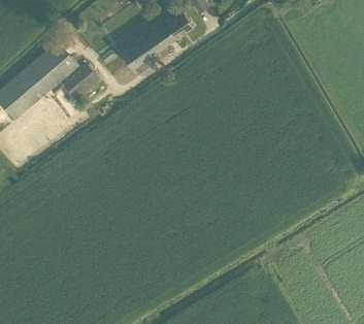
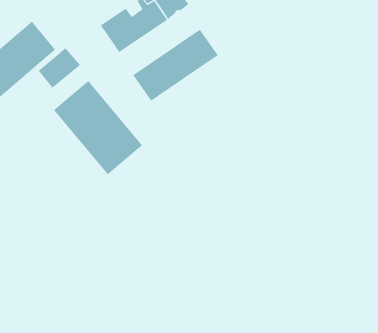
building: none -> [132,29,218,102]
building: none -> [53,80,143,175]

